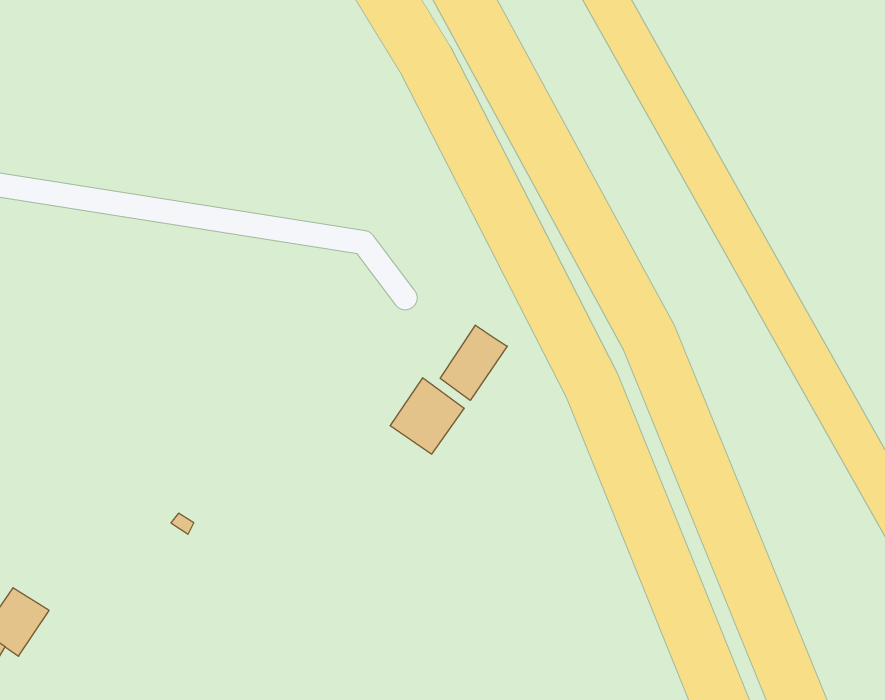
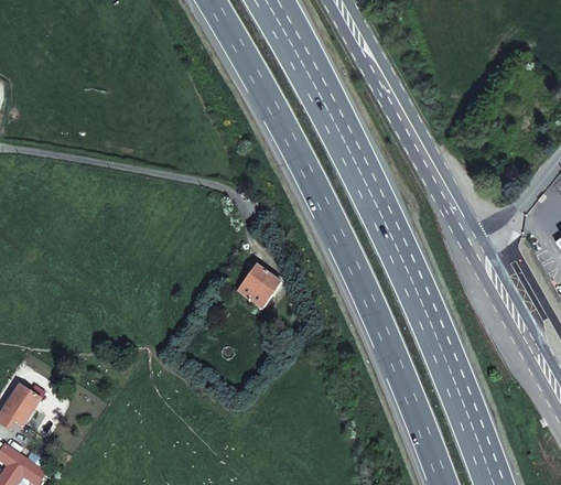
building: [440,325,507,400] -> none

